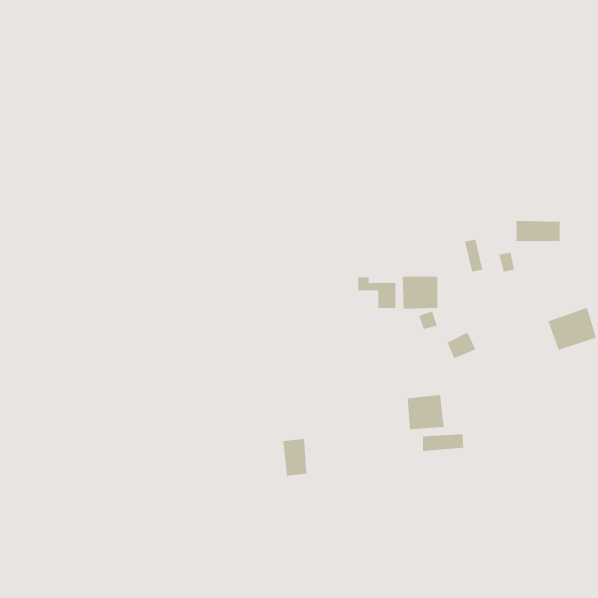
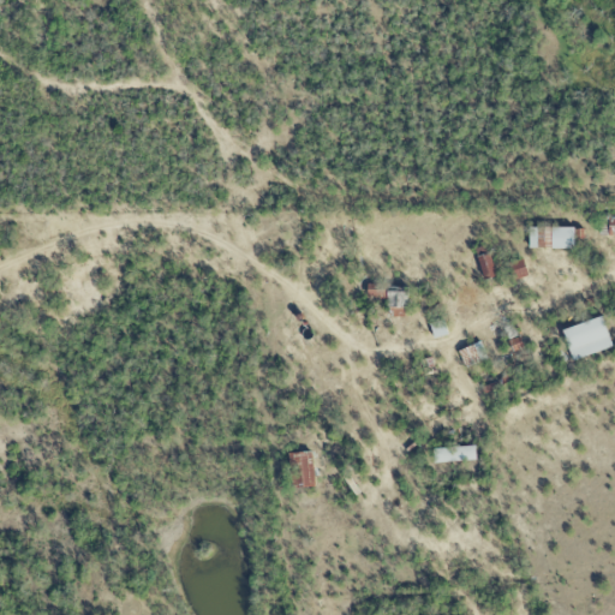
building: [402,276,438,309] -> none
building: [407,394,444,430] -> none

